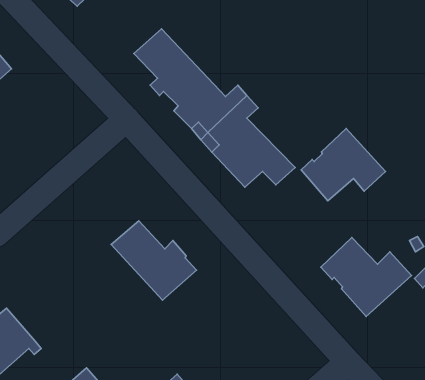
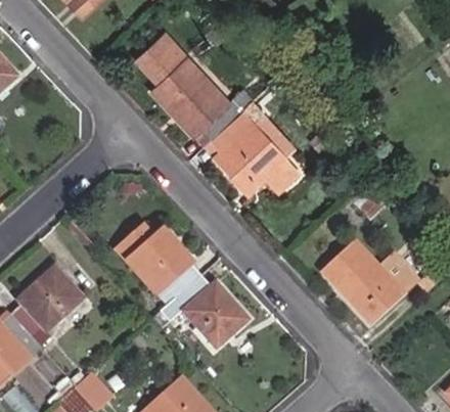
building: [301,129,386,201] -> none
building: none -> [11,268,81,346]
building: none -> [152,275,245,346]

